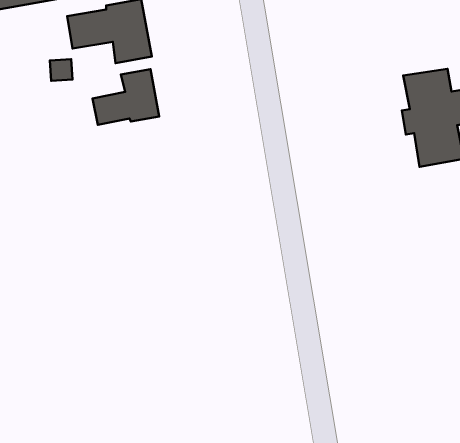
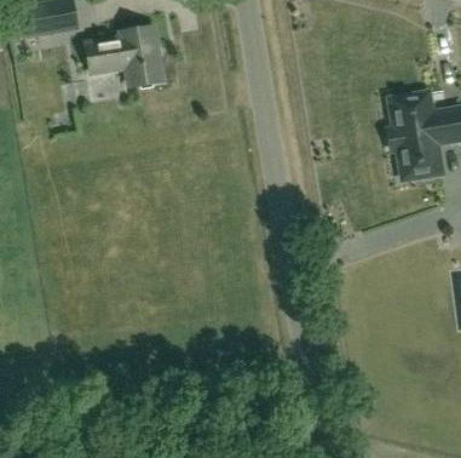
building: [93,69,159,125] -> none

